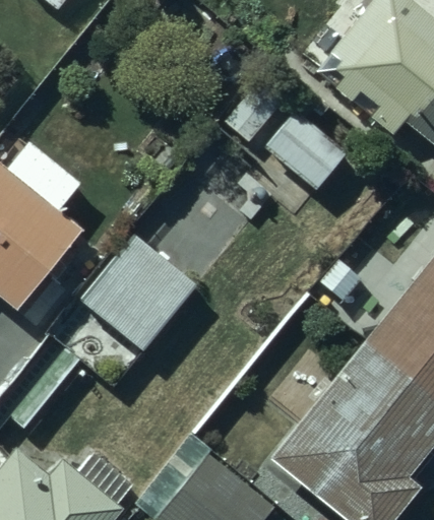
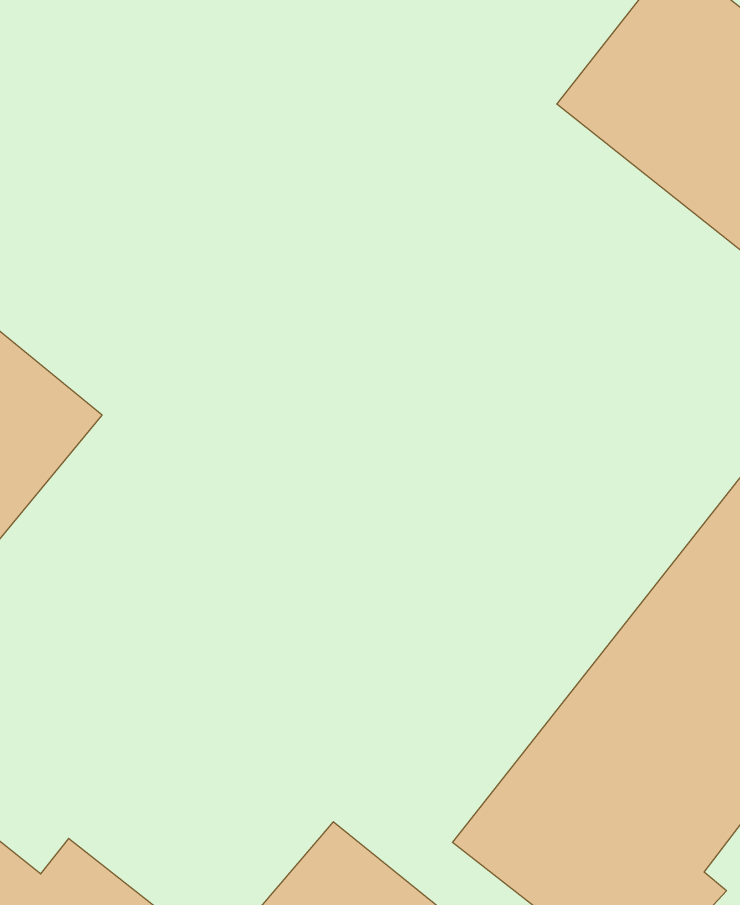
building: [77,238,199,359] -> none

